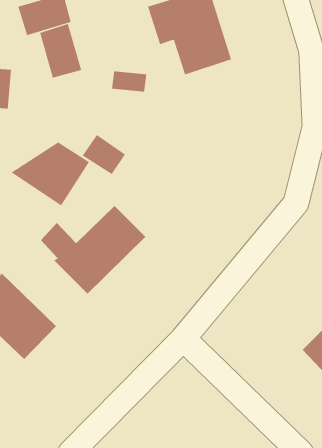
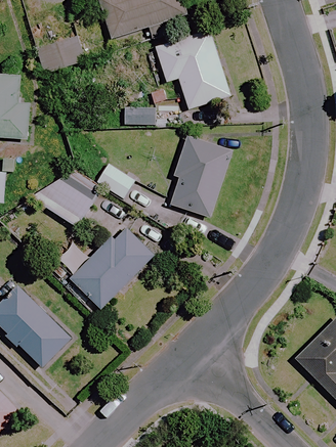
building: [39,23,82,78] -> none
building: none -> [170,135,233,217]

